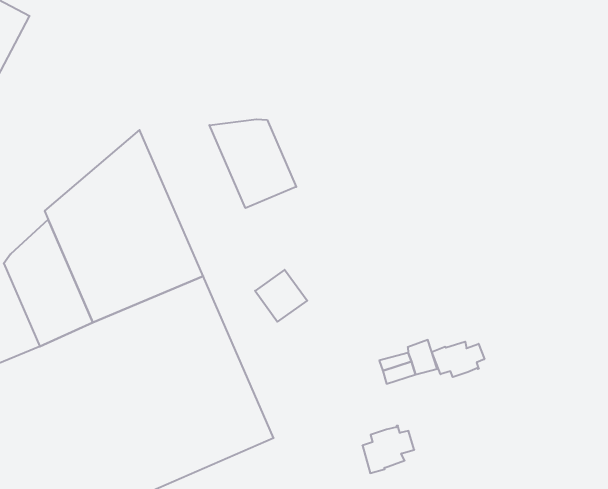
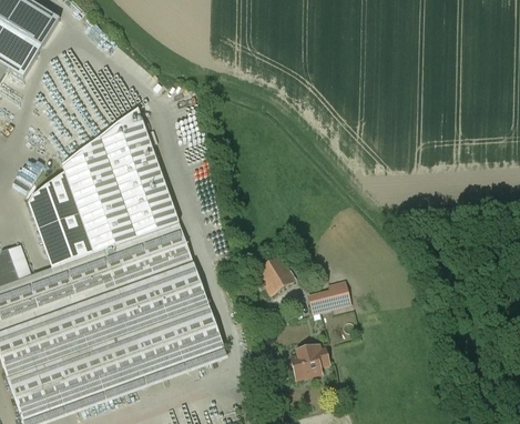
building: [209,119,296,208] -> none
building: [255,270,307,322] -> [256,256,295,295]
building: [432,342,484,377] -> none

